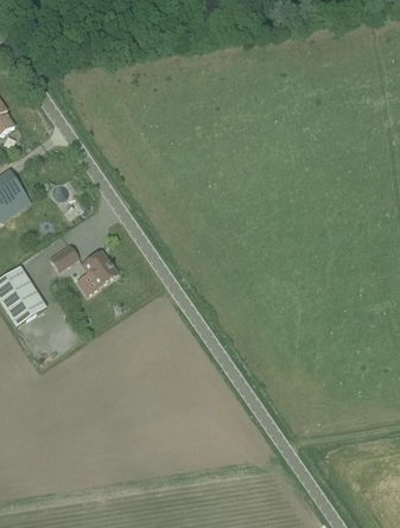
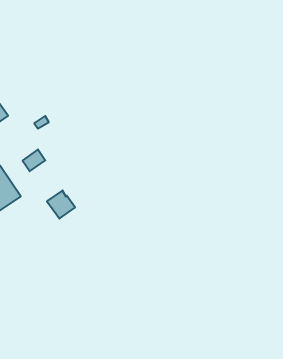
building: [83,249,120,286] -> [47,190,75,219]

